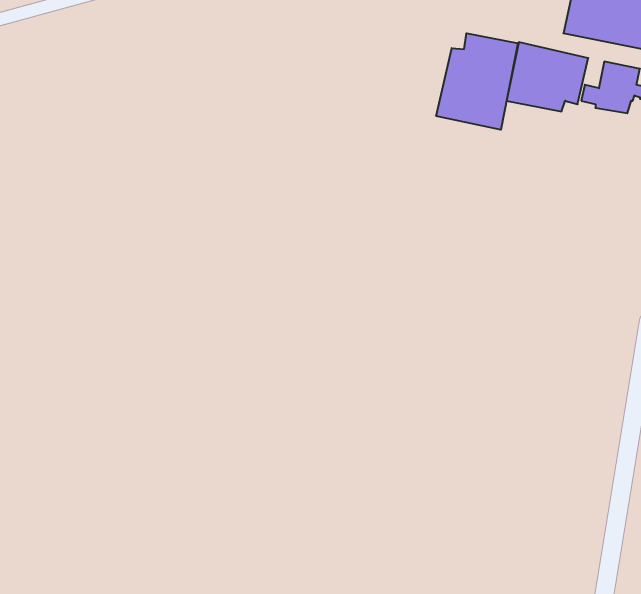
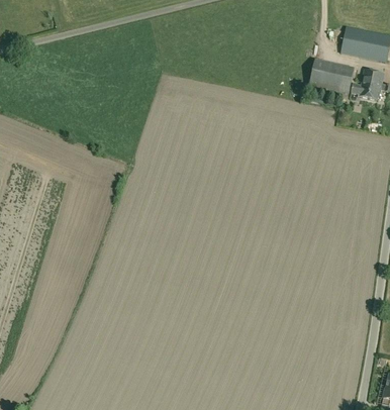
building: [436,33,518,130] -> none

